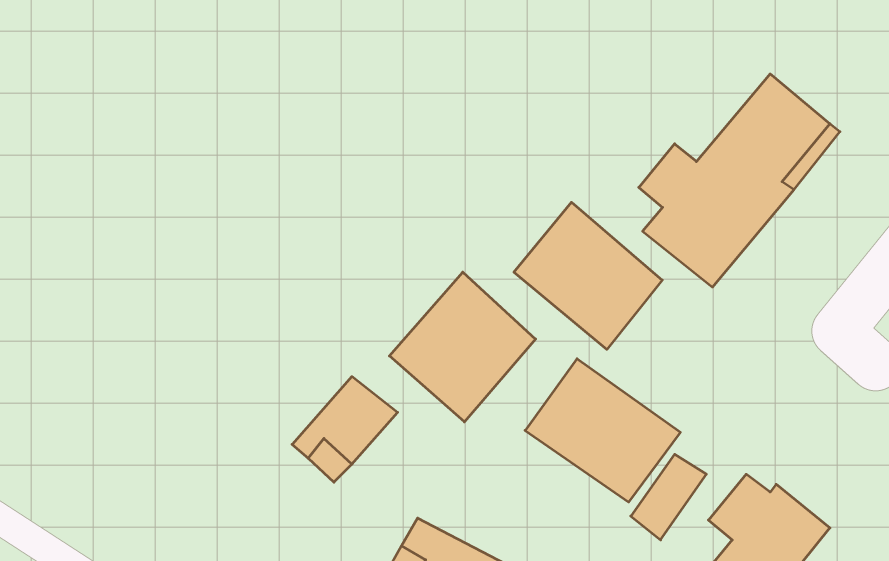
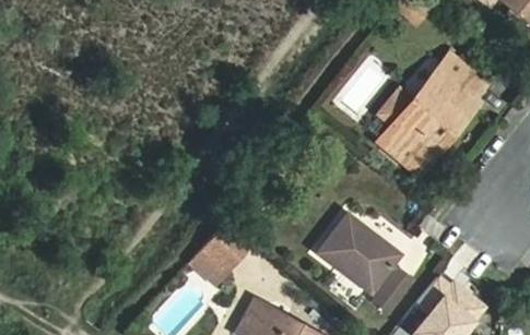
building: [514,202,662,349] -> none
building: [389,272,536,422] -> none

